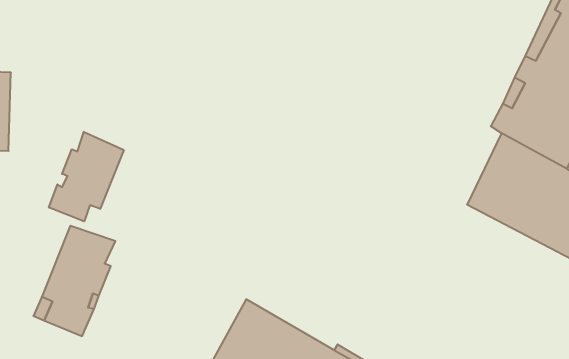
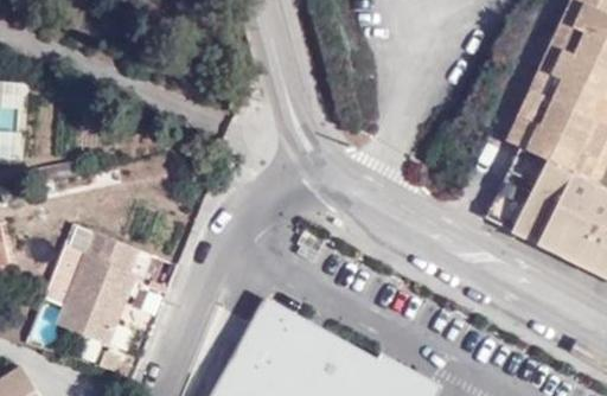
building: [49,132,124,221] -> none

